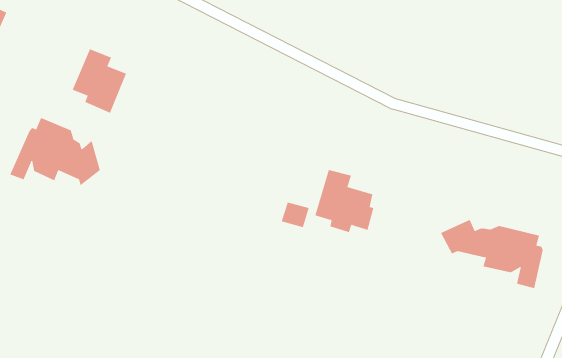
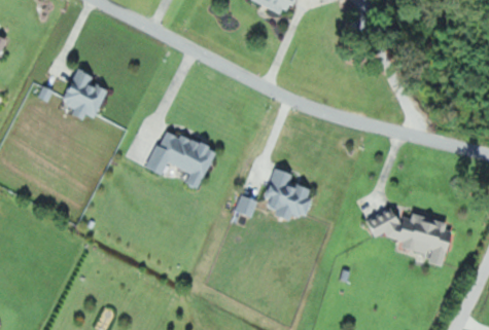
building: [10,117,101,186] -> none
building: none -> [146,131,216,190]

